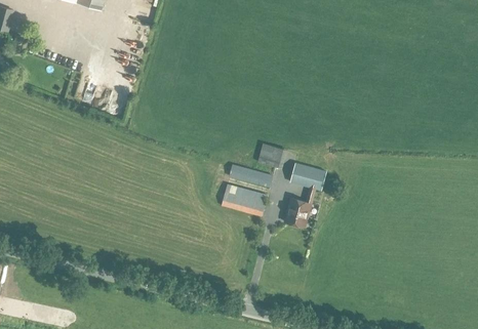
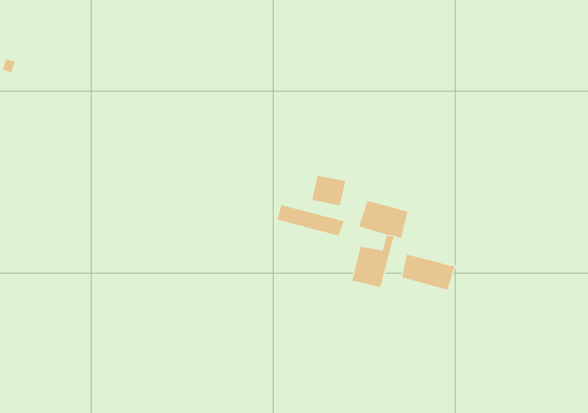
building: [223,184,268,215] -> none
building: none -> [401,254,455,290]

